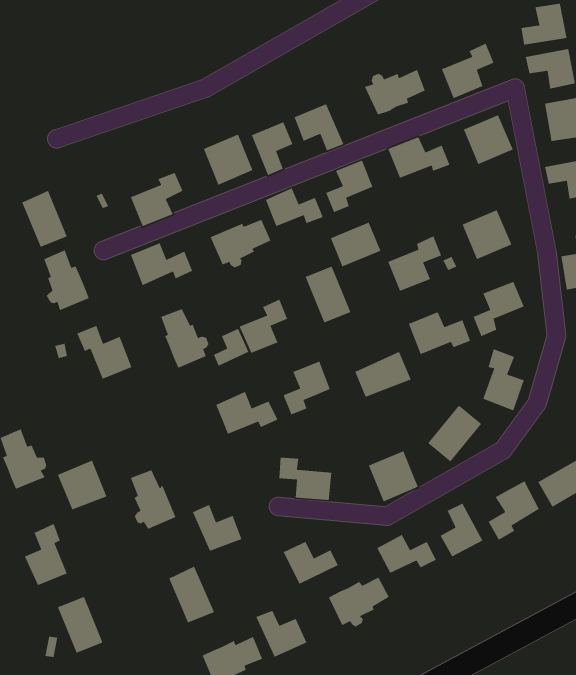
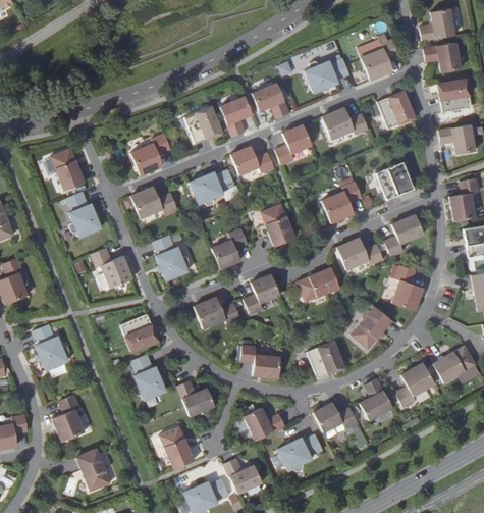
building: [330,222,381,267] -> none
building: [213,328,249,367] -> none
building: [57,460,108,510] -> [120,313,158,351]

